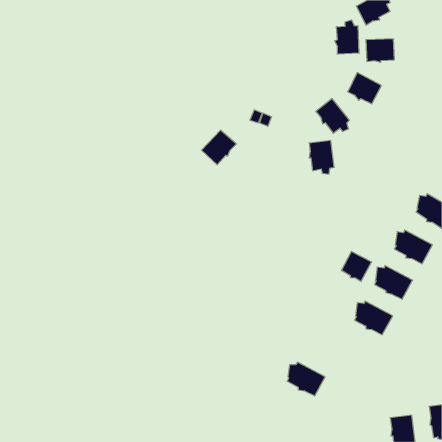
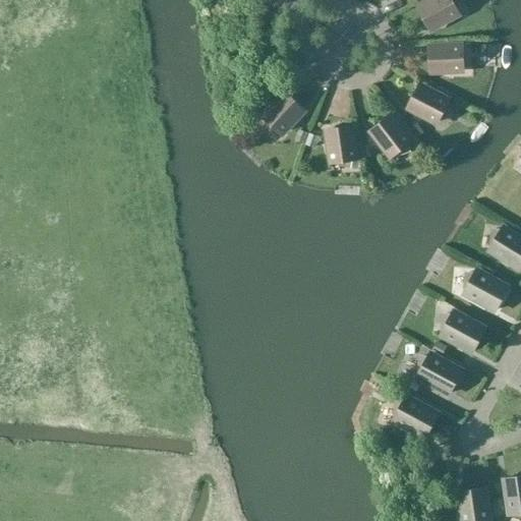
building: [335,20,359,54] -> none
building: [202,130,236,165] -> [264,94,304,134]
building: [309,140,334,174] -> [325,125,354,165]
building: [341,251,371,282] -> none
building: [287,362,325,396] -> [394,397,439,437]

